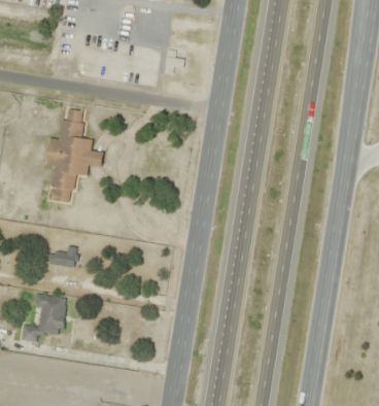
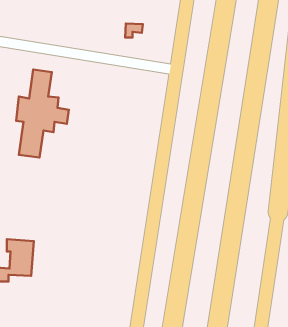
building: [48,250,75,265] -> none

